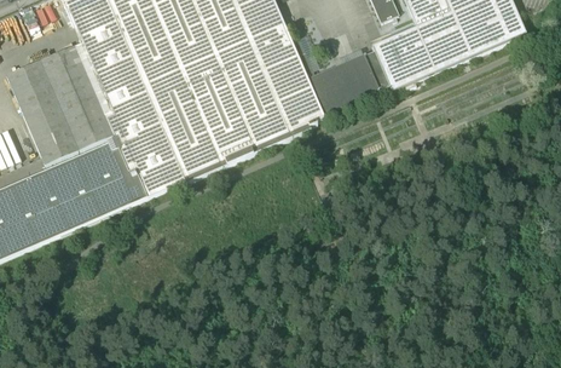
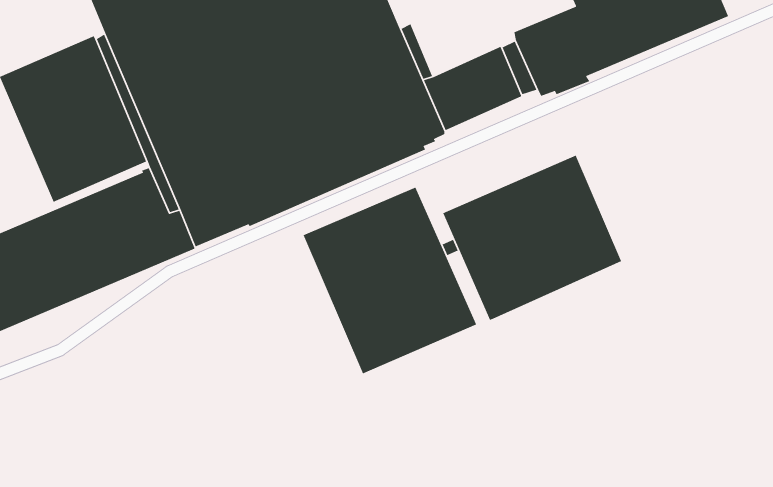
building: none -> [442,155,622,321]
building: none -> [303,187,477,374]

